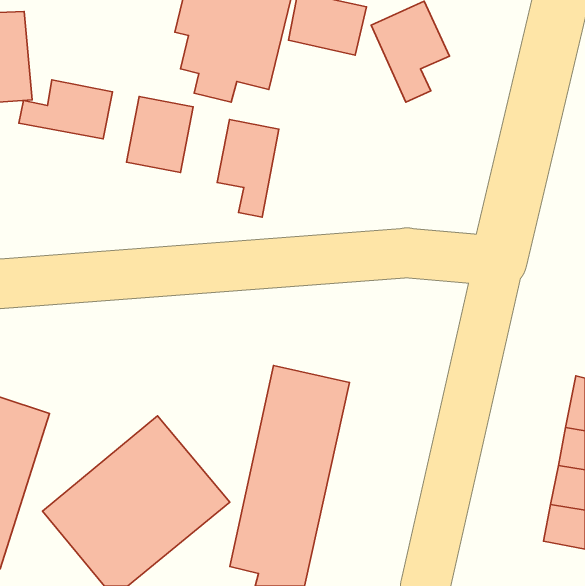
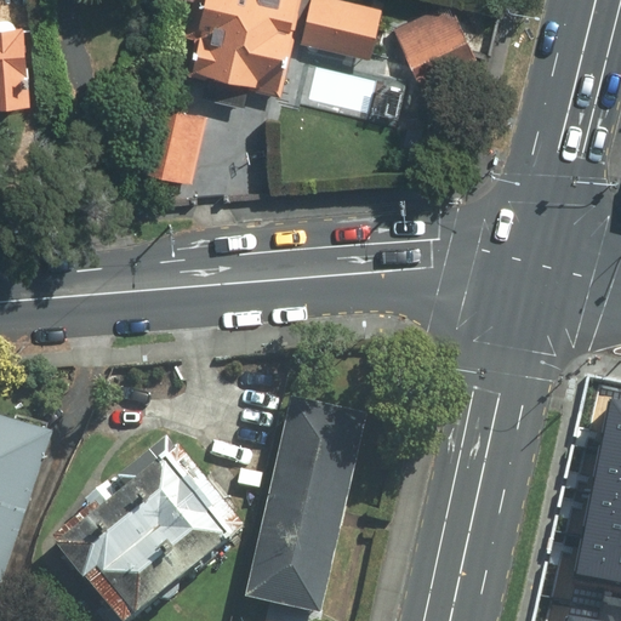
building: [19,80,112,139] -> none
building: [217,119,279,217] -> none

